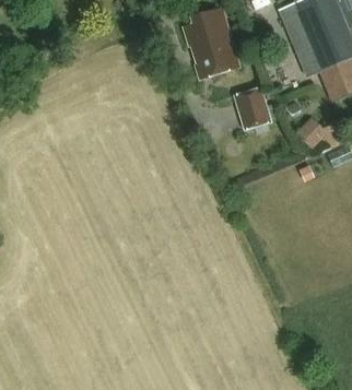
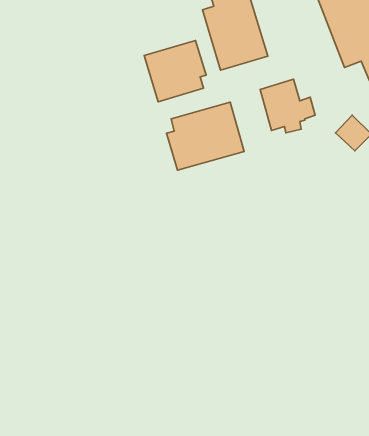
building: none -> [144,41,206,102]
building: none -> [167,102,244,170]

